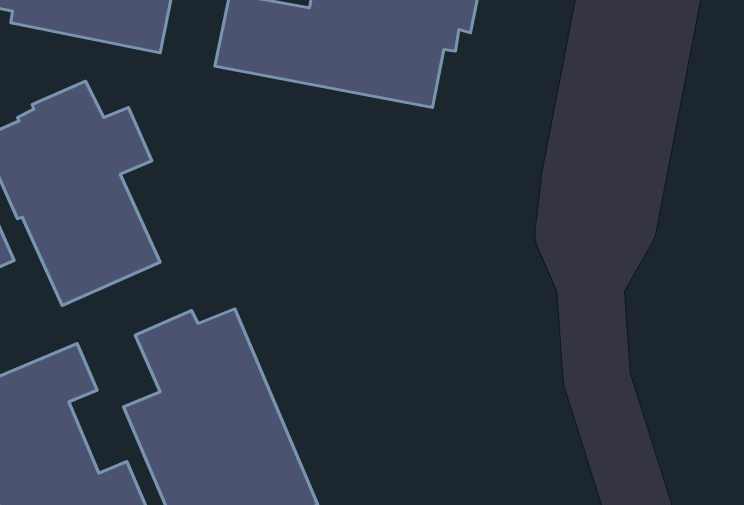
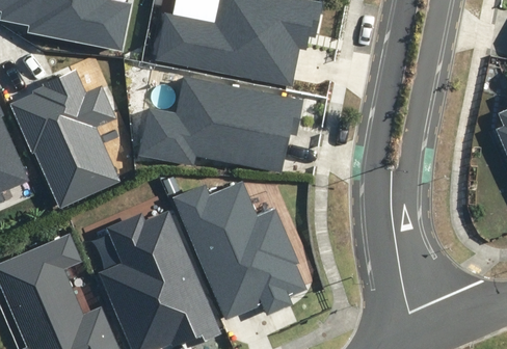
building: none -> [137,76,302,172]
building: none -> [171,180,304,322]

